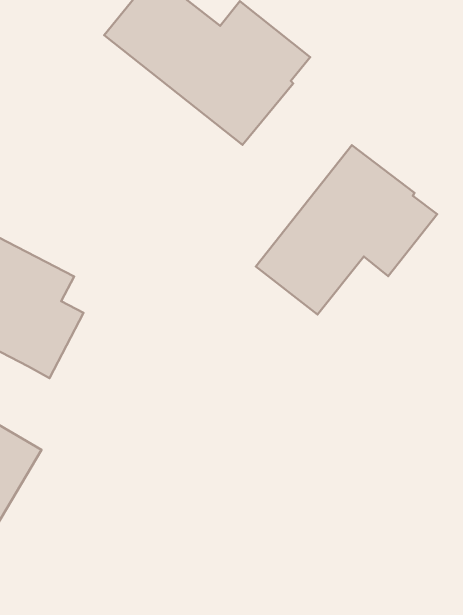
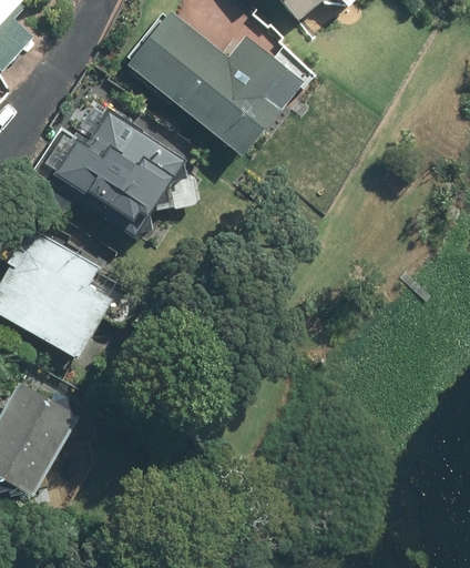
building: none -> [53,110,184,225]
building: [256,145,437,314] -> none

